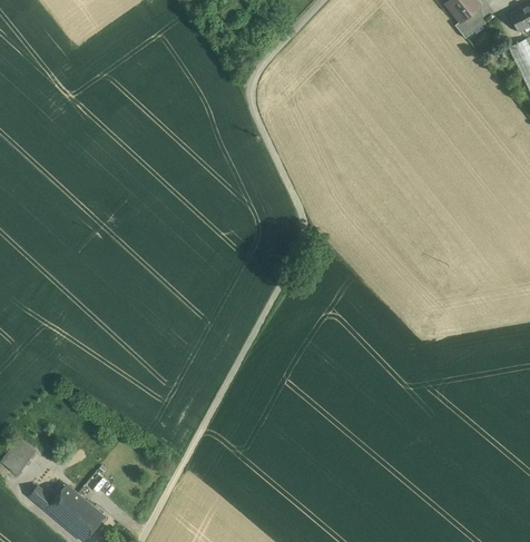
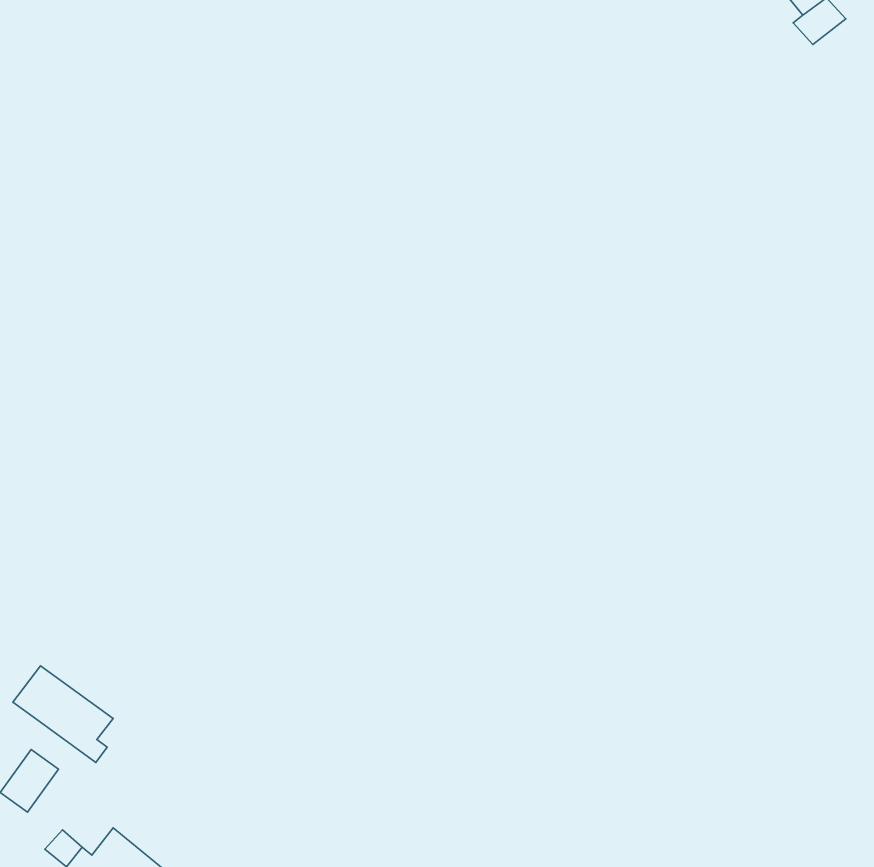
building: none -> [13,666,113,762]

